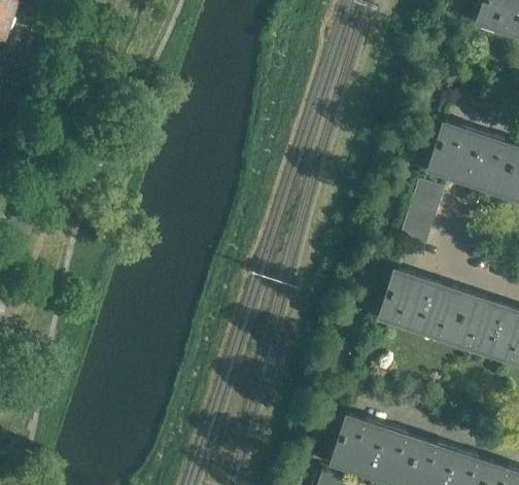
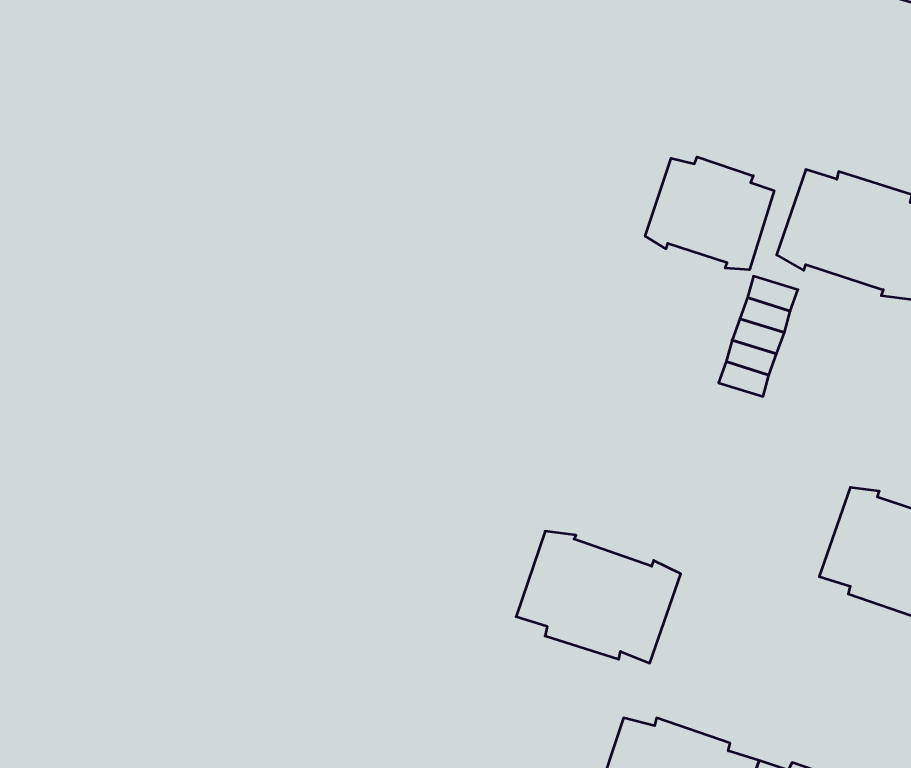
building: none -> [645,157,774,270]
building: [381,272,469,342] -> [516,531,681,663]

